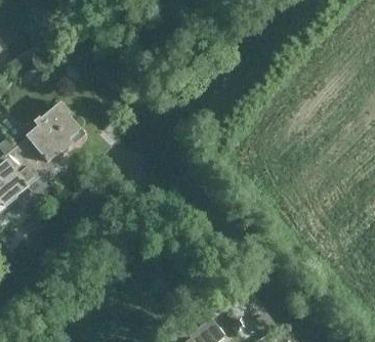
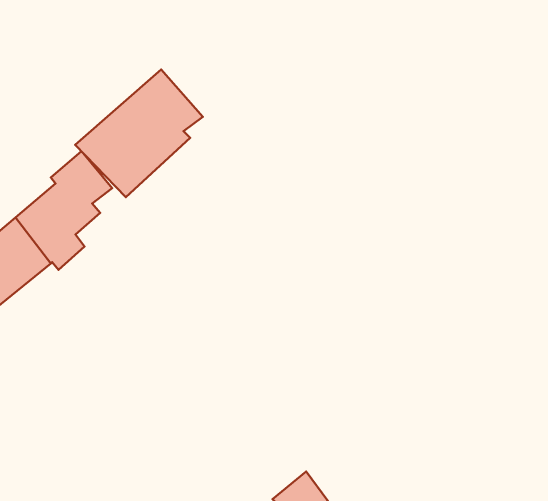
building: none -> [75,70,203,197]

